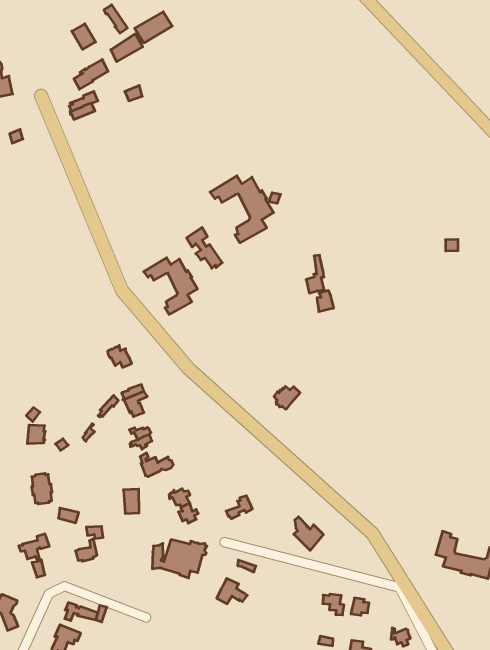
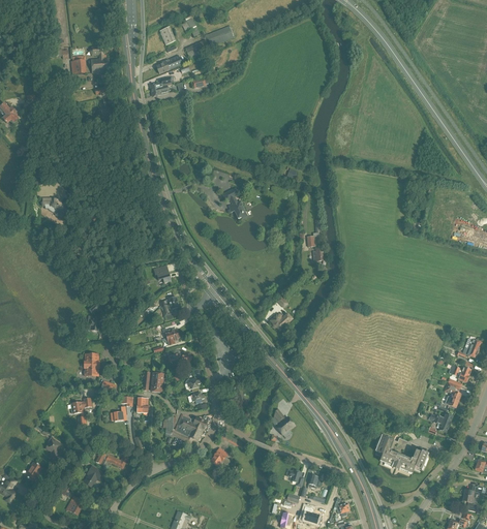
building: [210,176,274,243] -> none
building: [144,258,197,314] -> none

